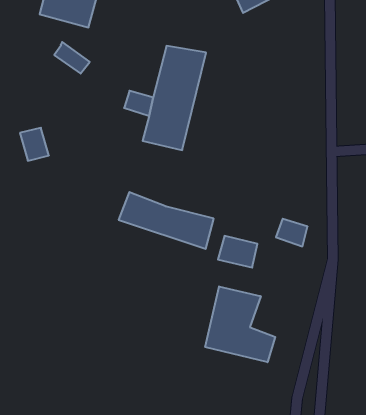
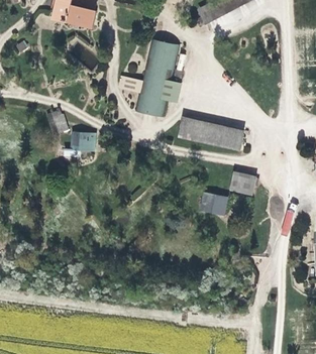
building: none -> [73,132,100,148]
building: [119,192,214,249] -> [179,110,251,153]
building: [205,286,275,362] -> none

